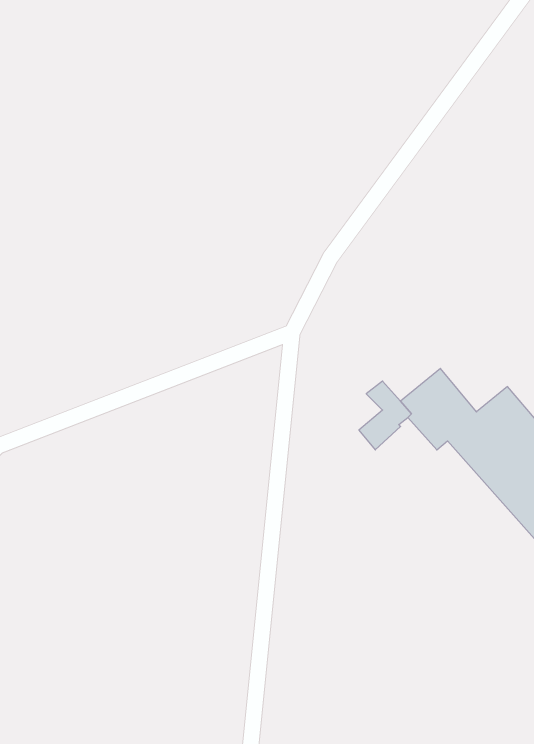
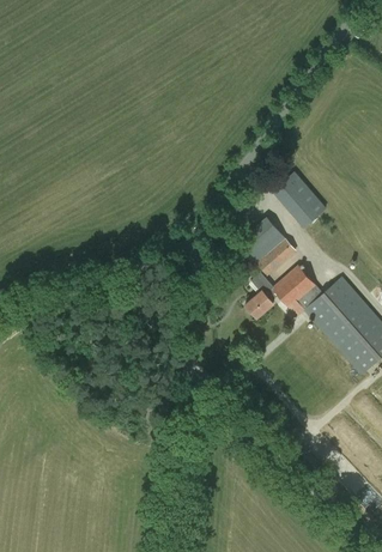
building: none -> [271,168,326,226]
building: none -> [236,214,296,274]

